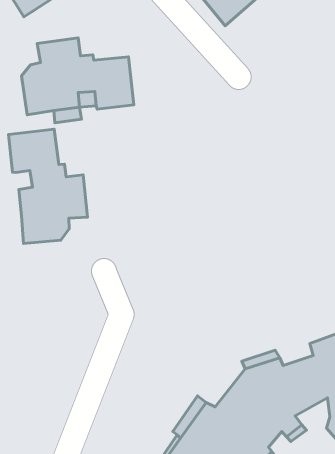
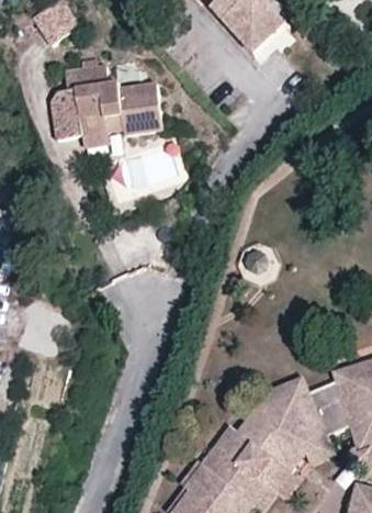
building: [8,129,87,243] -> none

